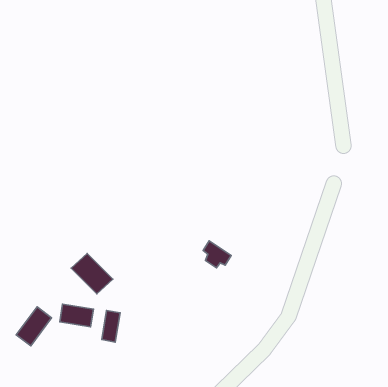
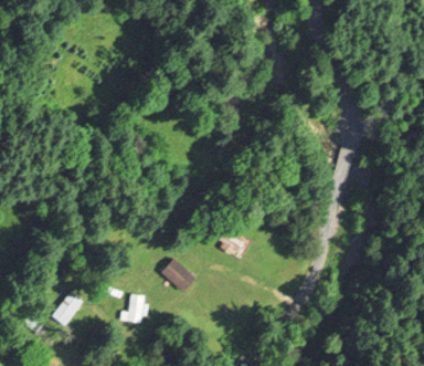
building: [71,253,113,294] -> [161,258,199,294]
building: [60,304,93,327] -> none

